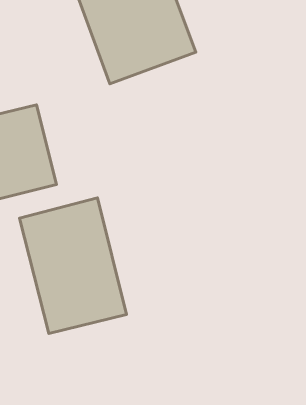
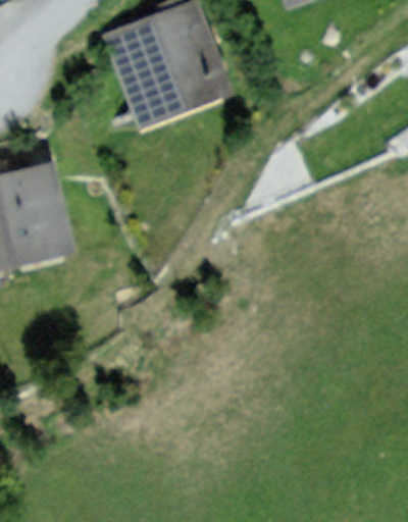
building: [19,198,127,333] -> none

